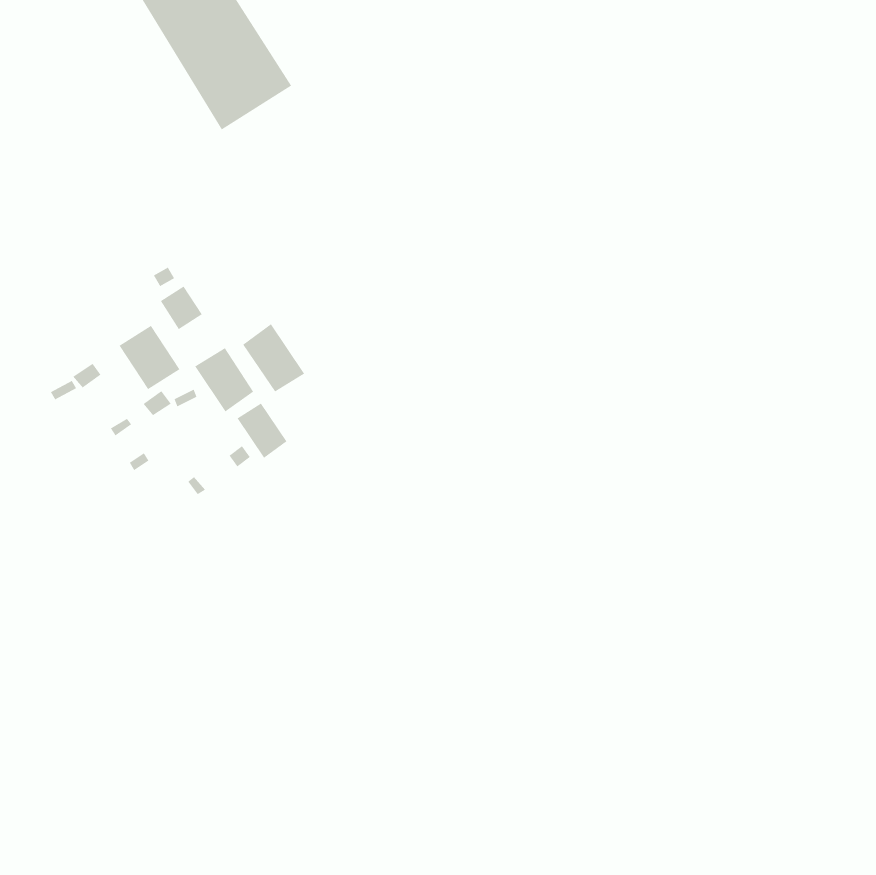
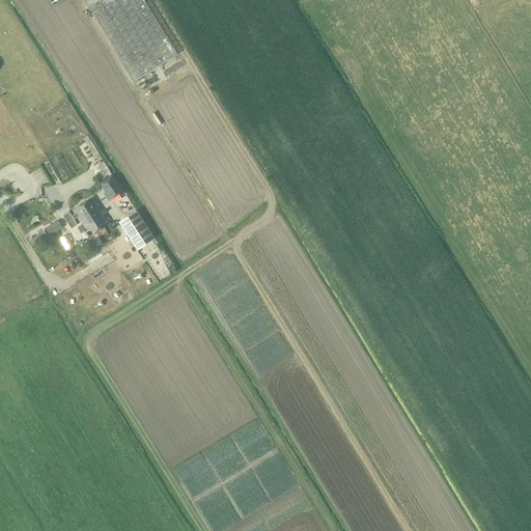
building: [242,323,305,393] -> none
building: [237,403,288,459] -> none

